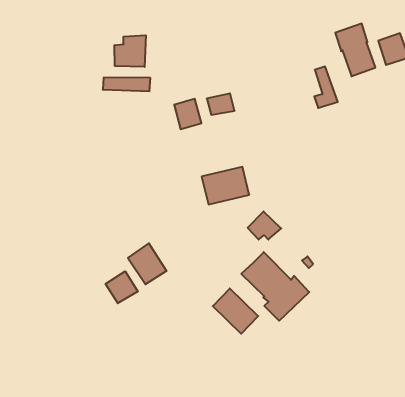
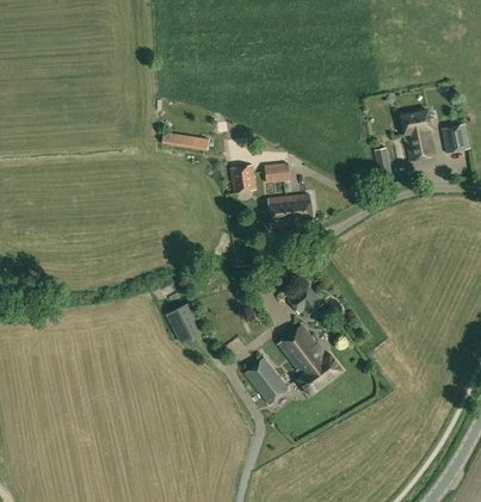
building: [115,35,146,67] -> none
building: [202,167,249,204] -> [267,193,313,227]
building: [106,271,138,303] -> none

